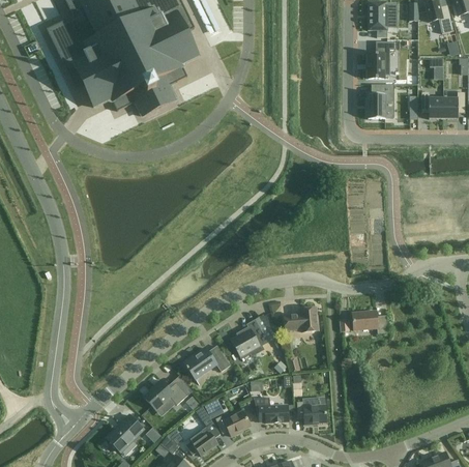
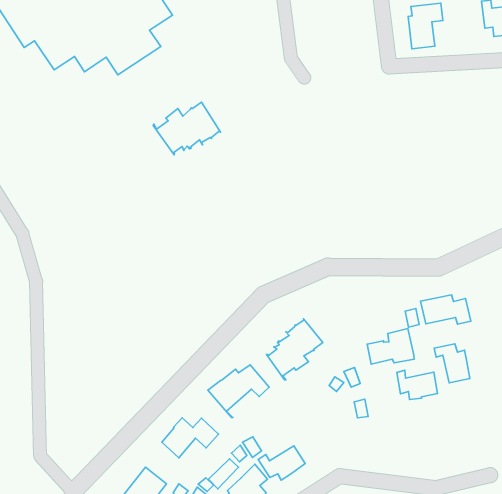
building: none -> [153,102,220,155]
building: [283,307,317,331] -> [367,329,414,364]
building: none -> [434,344,470,383]
building: [253,397,288,422] -> none
building: [296,401,325,424] -> [397,370,438,400]

